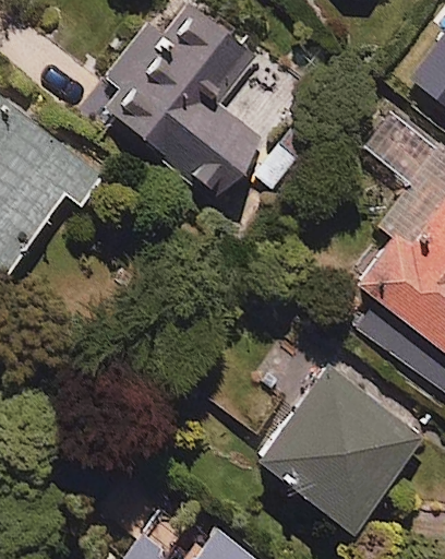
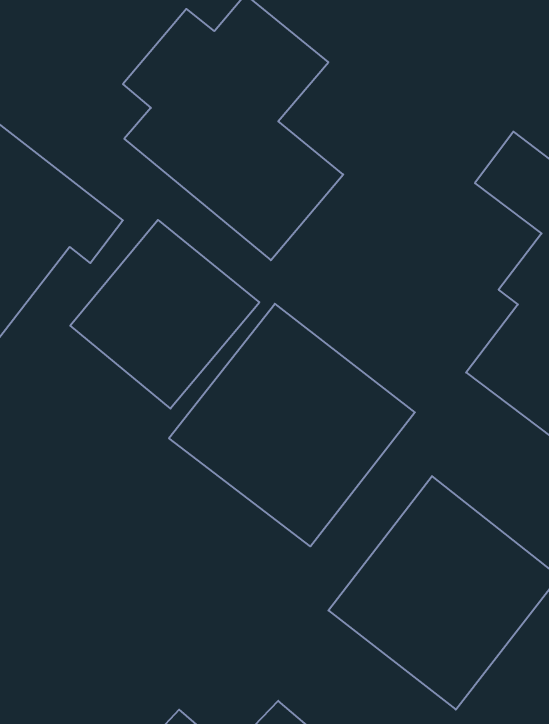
building: none -> [70,220,259,409]
building: none -> [169,304,415,546]

